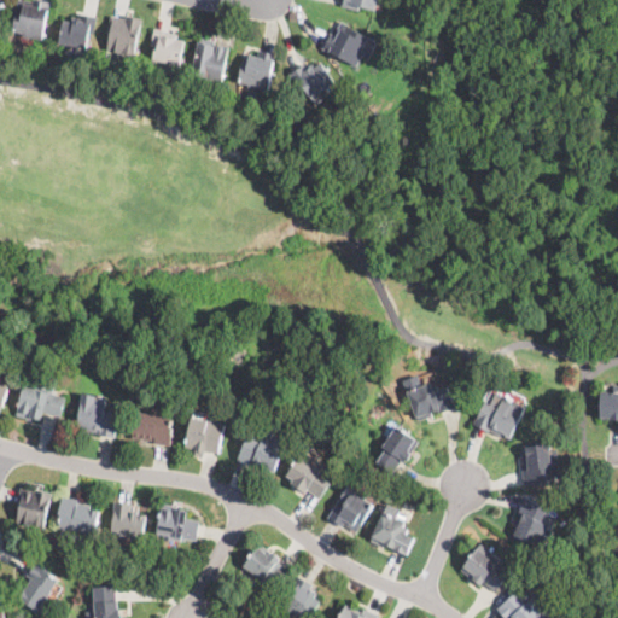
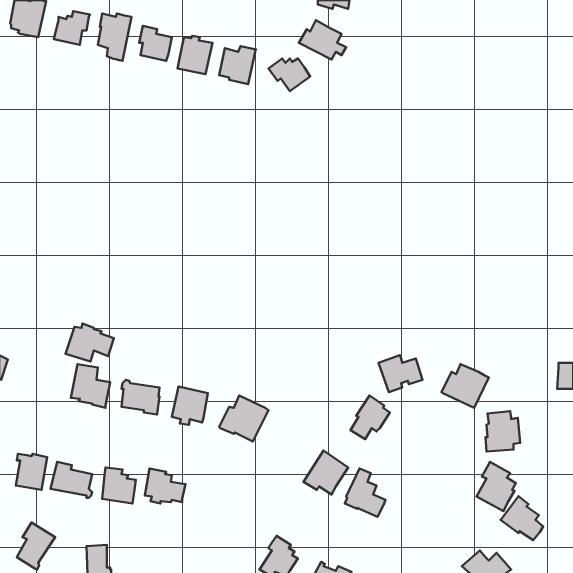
building: [13,383,65,424] -> [66,323,114,362]
building: [286,456,330,500] -> none
building: [243,543,287,584] -> none
building: [460,544,506,591] -> [501,496,543,540]

